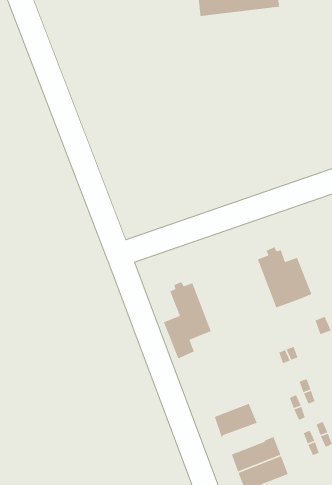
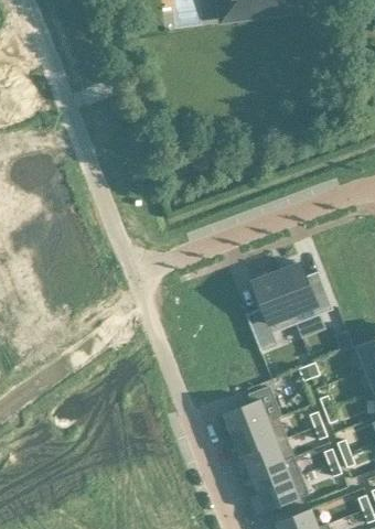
building: [163,281,212,359] -> [246,272,297,353]
building: none -> [224,399,269,435]
building: none -> [243,442,285,474]

